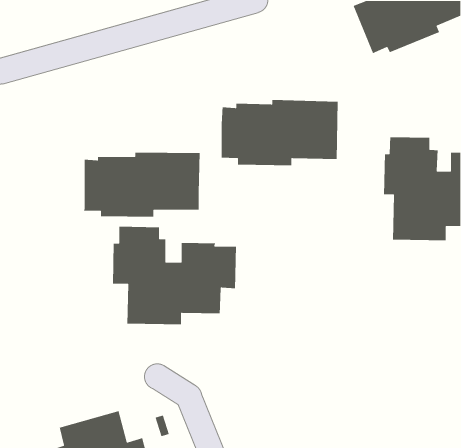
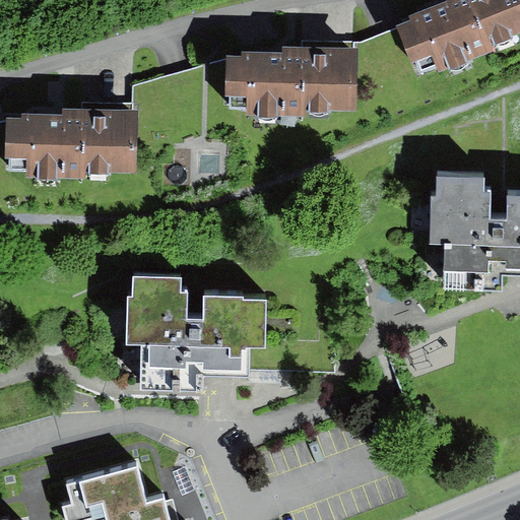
building: [221,99,338,166] -> [226,44,359,119]
building: [83,152,200,218] -> [5,107,137,181]

